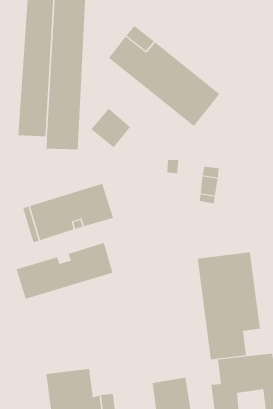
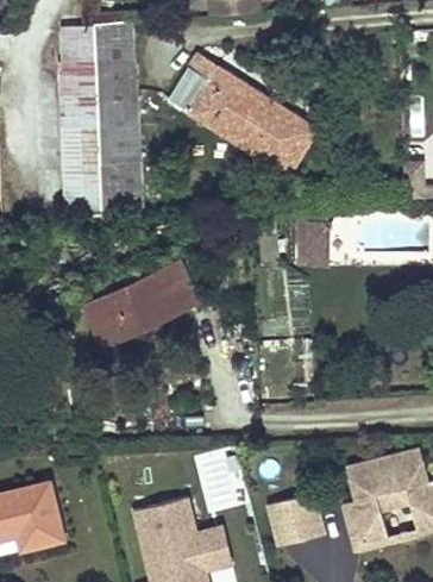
building: [91,108,131,148] -> none
building: [16,242,113,299] -> none
building: [197,252,261,360] -> none

